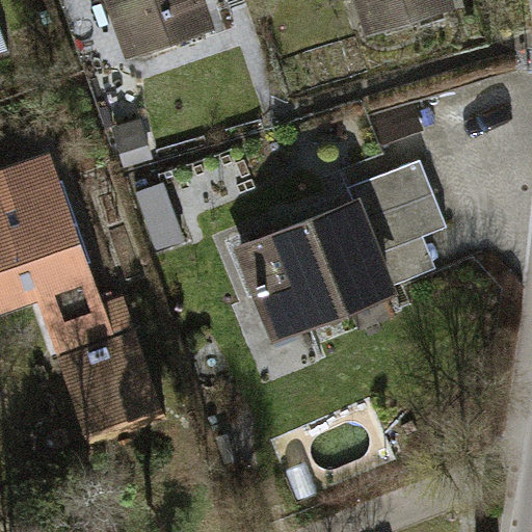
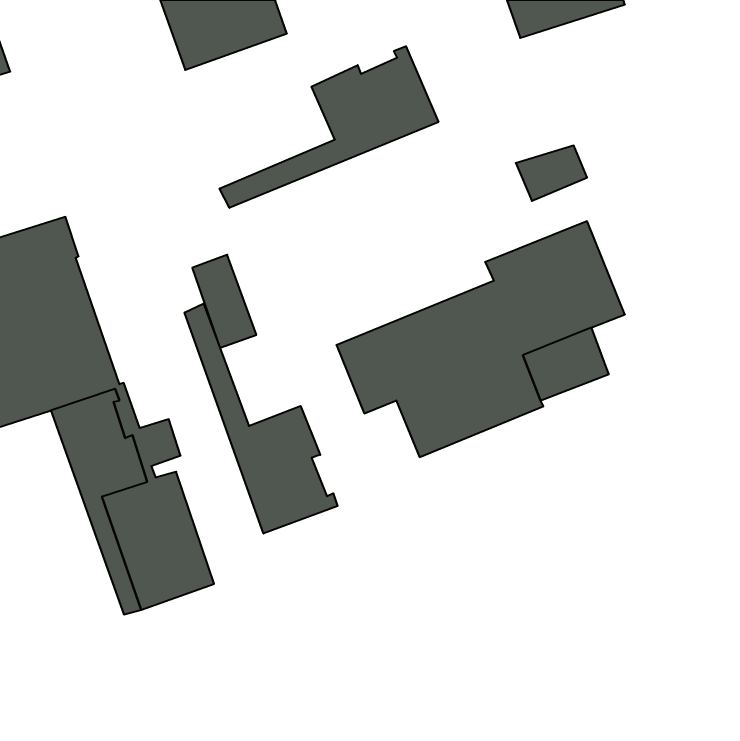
building: none -> [220,46,438,208]
building: none -> [185,304,338,534]

